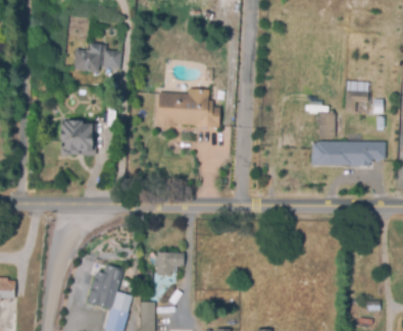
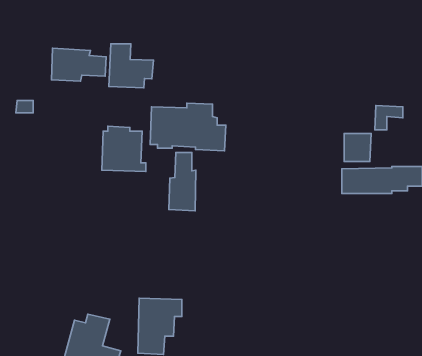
building: none -> [109,44,154,88]
building: [58,118,95,156] -> [102,126,146,171]
building: none -> [169,152,196,211]

